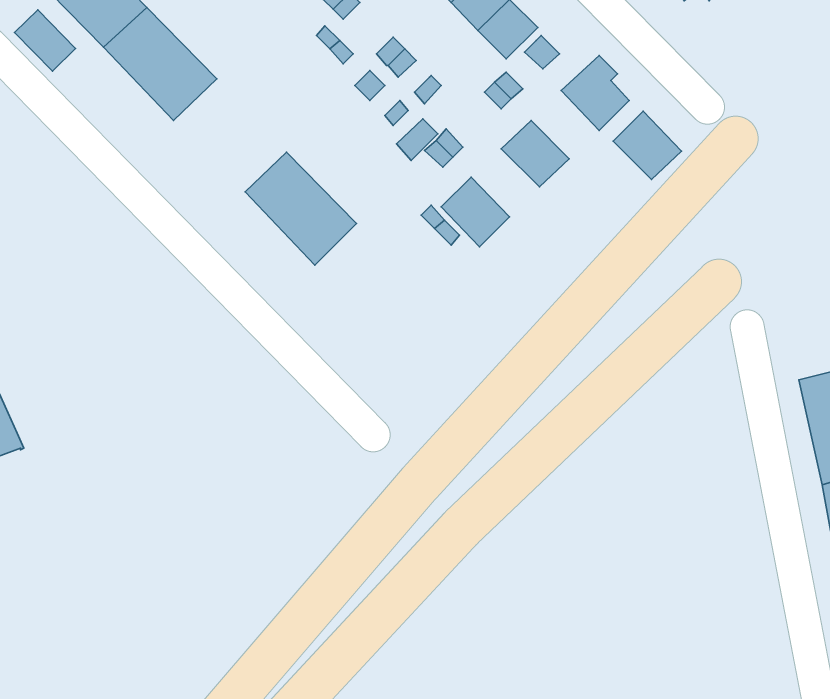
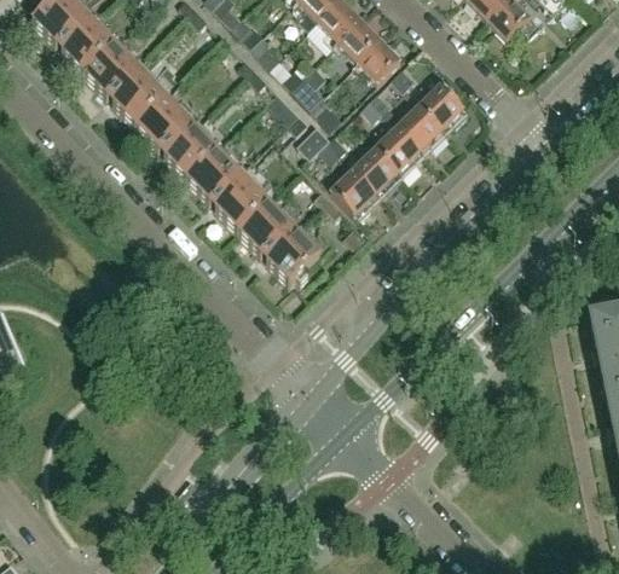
building: [15,10,76,71] -> none
building: none -> [134,94,216,176]
building: [613,111,681,179] -> [394,103,444,152]
building: none -> [351,145,400,195]
building: none -> [237,199,319,283]

